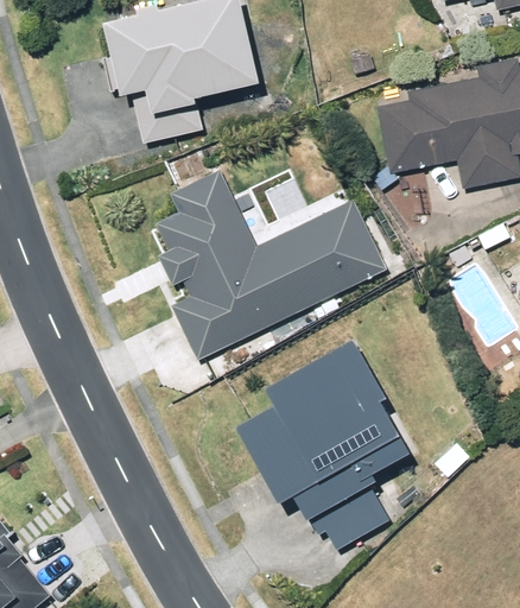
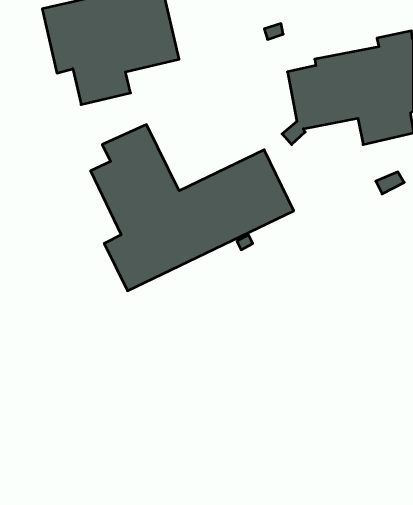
building: [239,342,421,547] -> none

